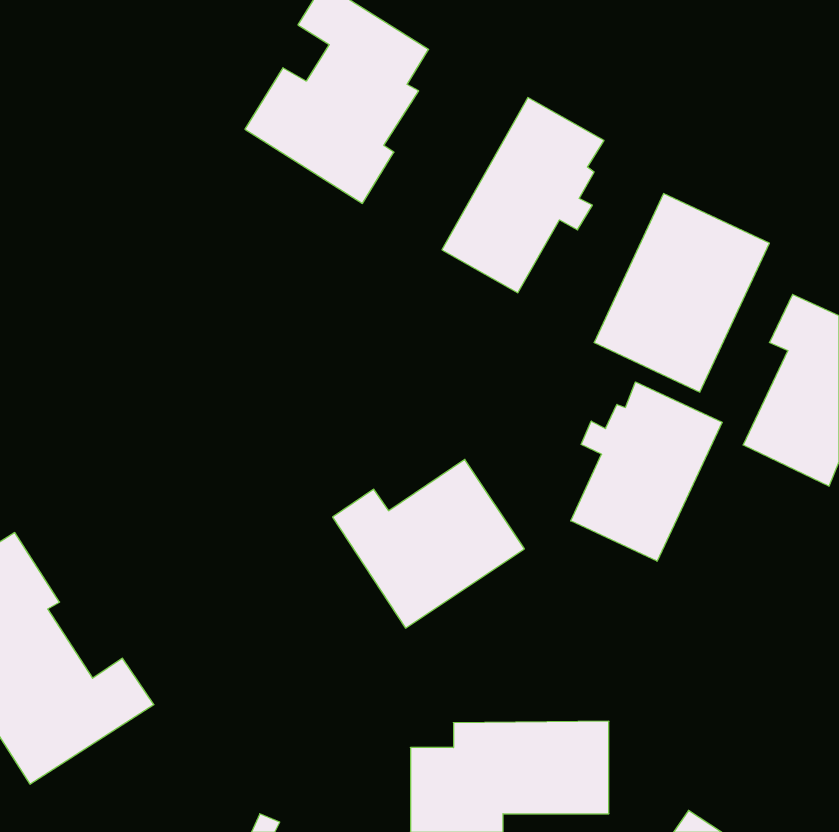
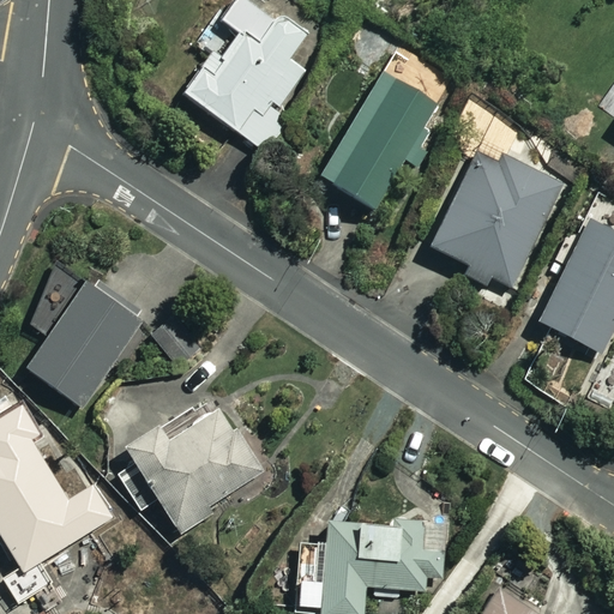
building: none -> [24,264,143,409]
building: [571,382,722,561] -> none
building: [333,459,524,628] -> [126,409,265,531]

